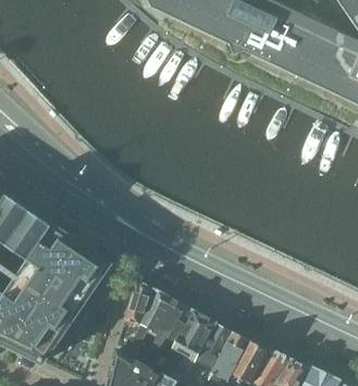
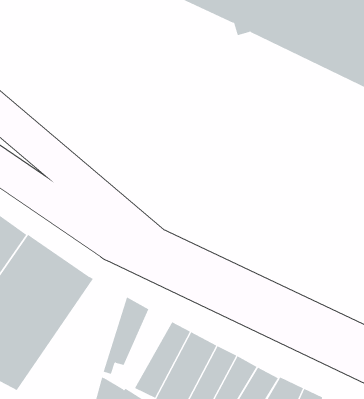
building: [123,290,176,359] -> none

